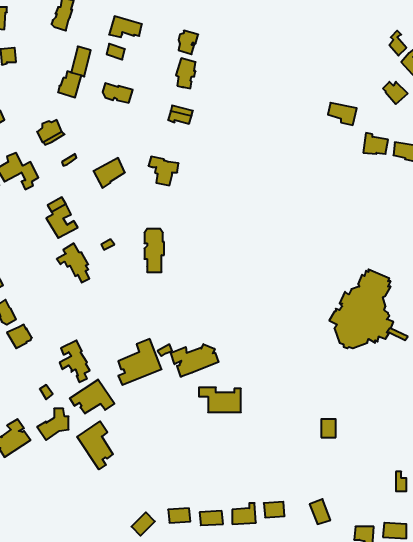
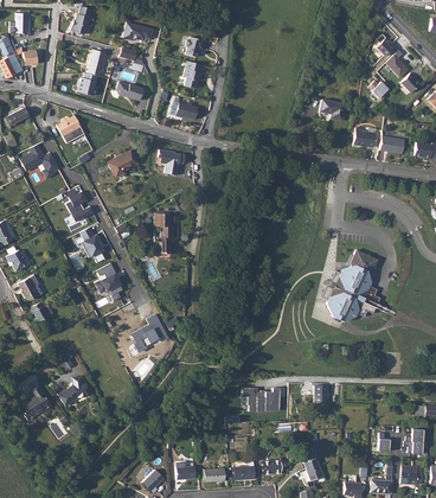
building: [60,340,90,382] -> [96,263,123,301]
building: [171,344,219,377] -> none
building: [70,379,114,414] -> none
building: [199,387,241,412] -> [243,388,281,410]
building: [77,421,113,469] -> none

